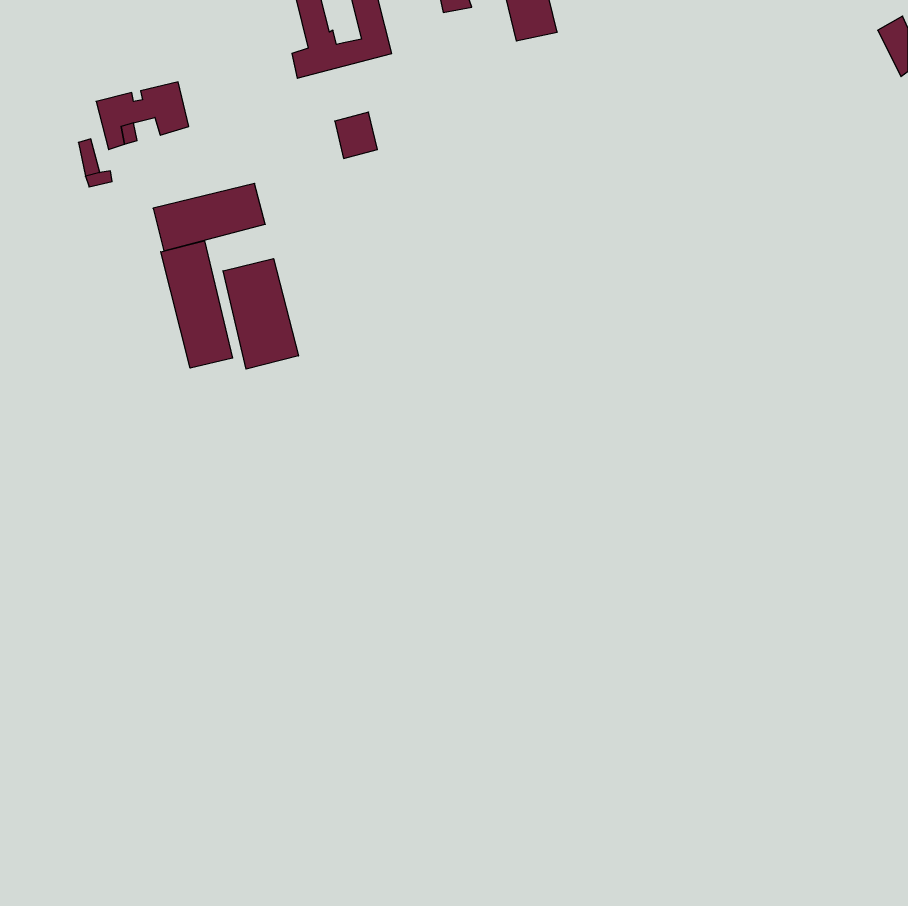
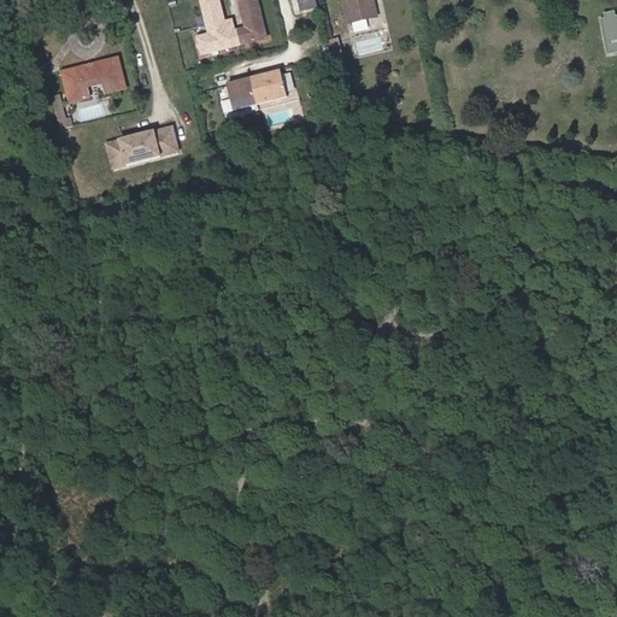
building: none -> [249,67,286,101]
building: [161,241,233,368] -> none
building: [223,259,298,369] -> none

